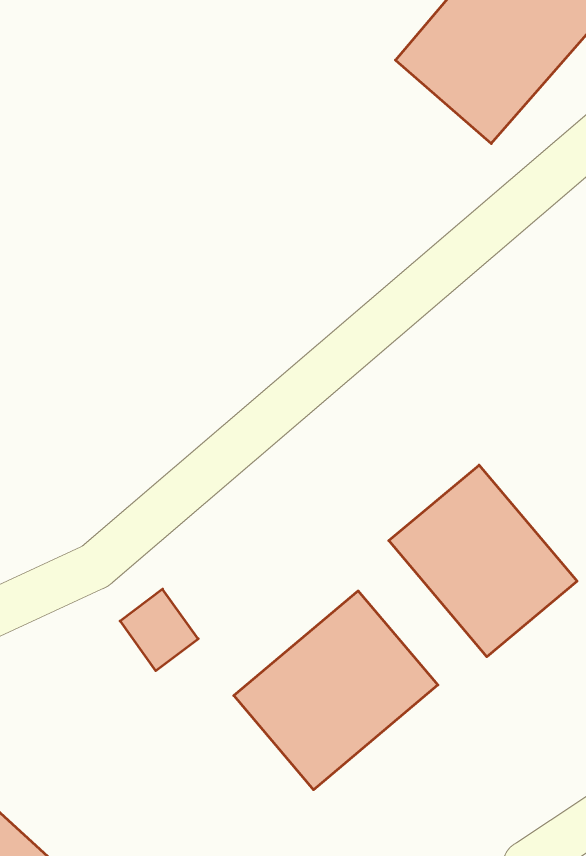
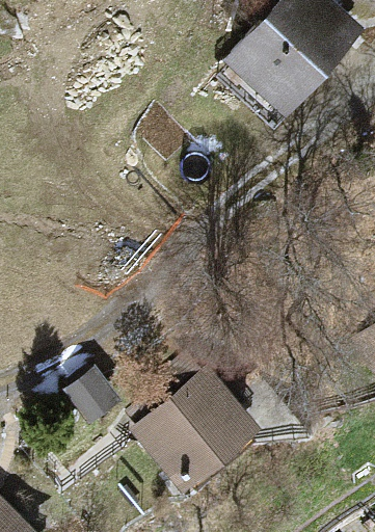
building: [389,465,577,657] -> none

